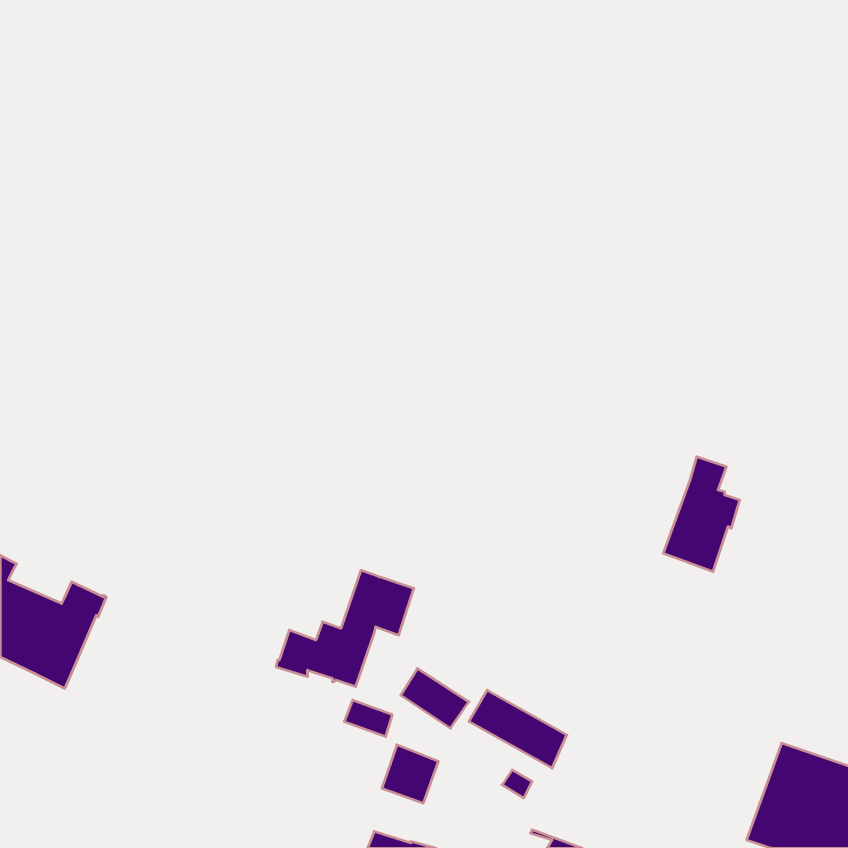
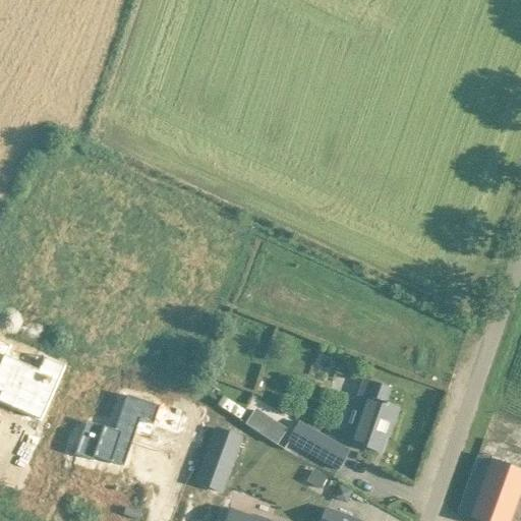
building: [663,457,740,572] -> [350,382,397,452]
building: [276,570,414,687] -> [75,395,160,466]
building: [382,745,438,803] -> [196,456,231,491]

